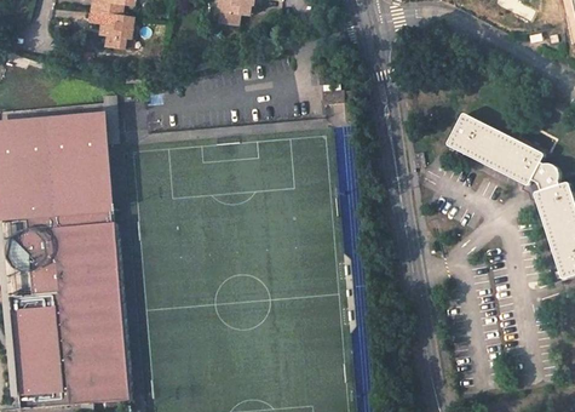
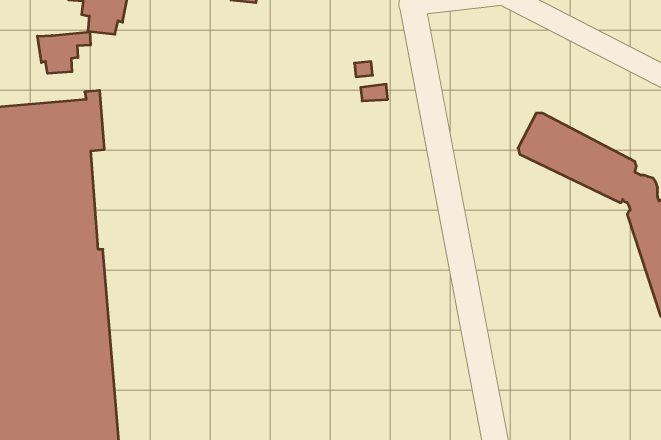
building: none -> [37,32,91,73]

